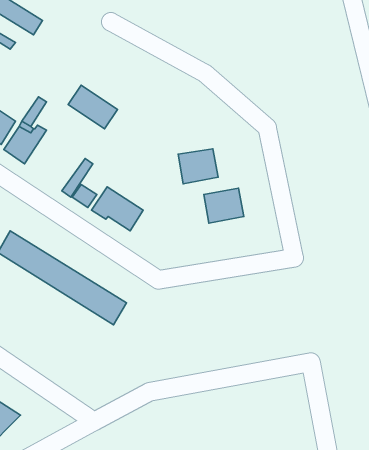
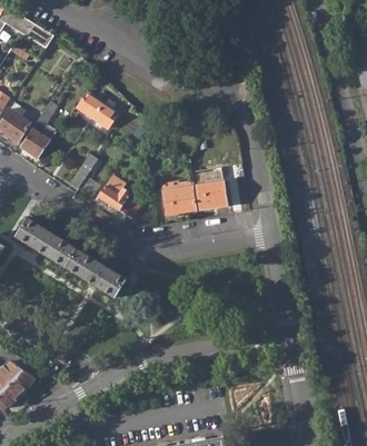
building: [178,149,218,184] -> [162,186,197,216]

